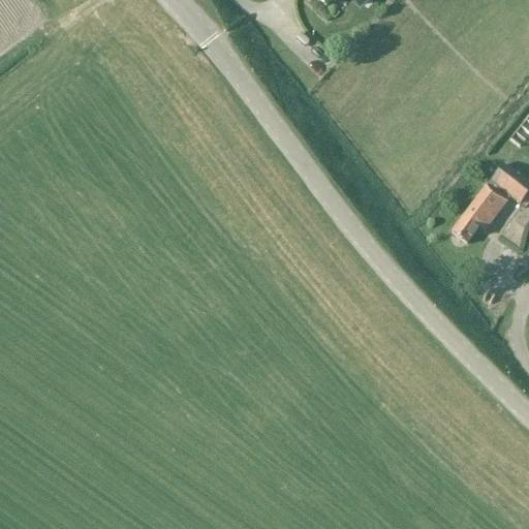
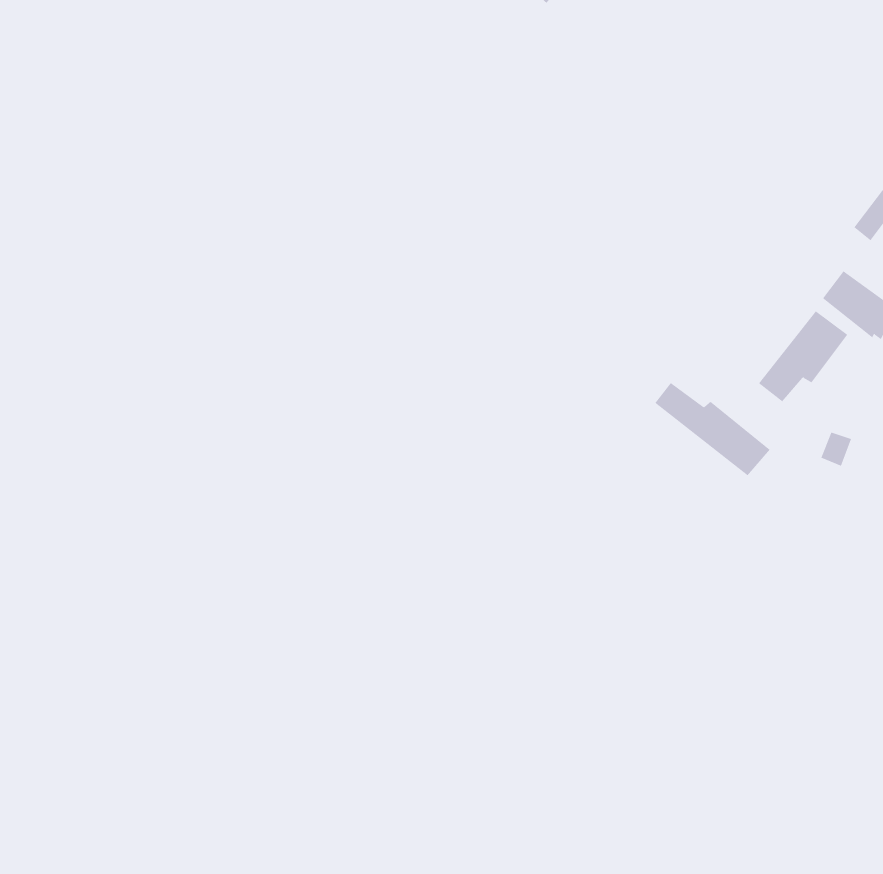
building: none -> [654,382,771,476]

